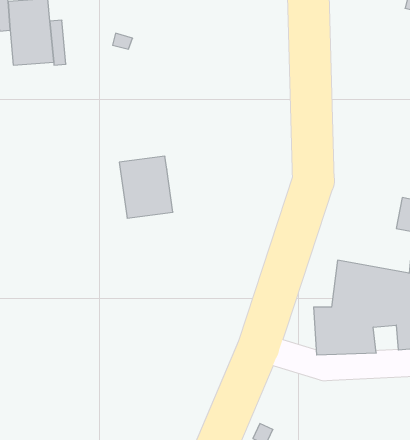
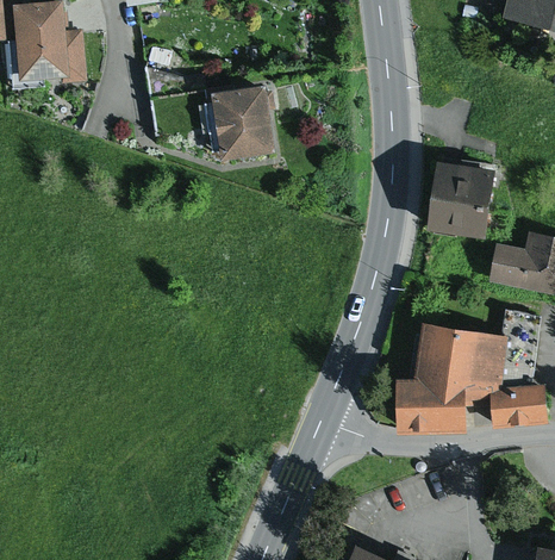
building: none -> [425,162,491,238]
building: [119,156,173,218] -> [210,86,274,160]

